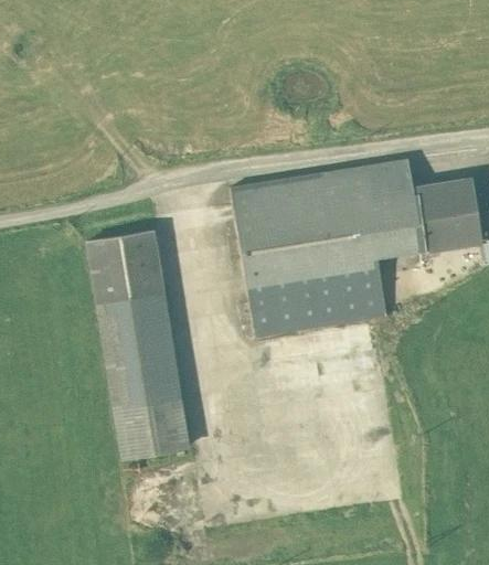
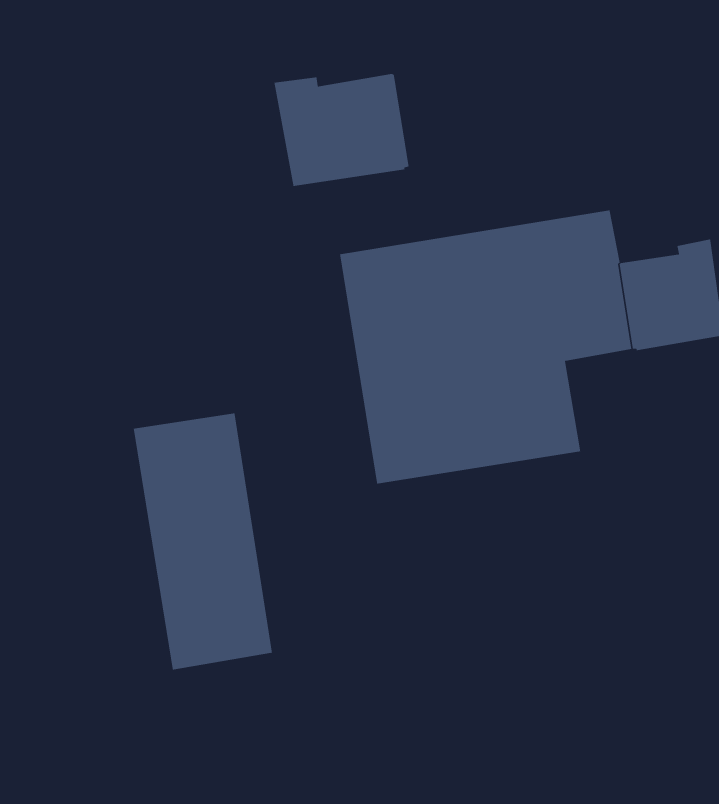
building: none -> [273,73,409,187]
building: [89,230,164,300] -> none

